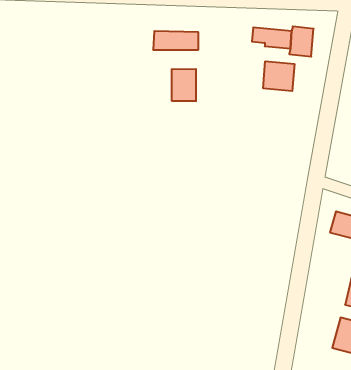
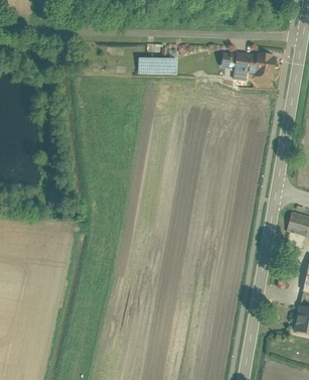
building: [263,61,294,91] -> none
building: [172,69,196,101] -> none

